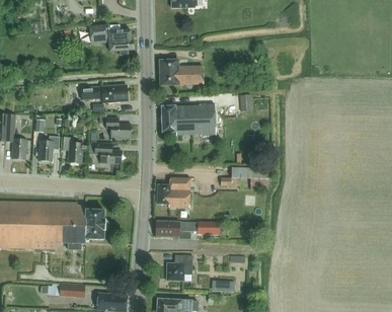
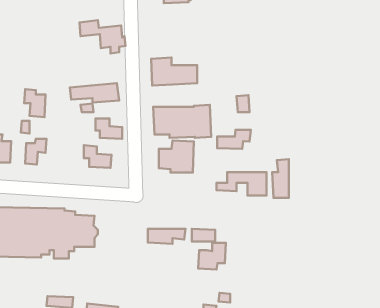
building: none -> [217,130,251,149]
building: [63,137,83,163] -> [24,89,46,117]
building: none -> [272,159,289,198]
building: [157,177,190,208] -> [159,140,194,172]
building: [166,255,192,281] -> [198,243,226,269]

